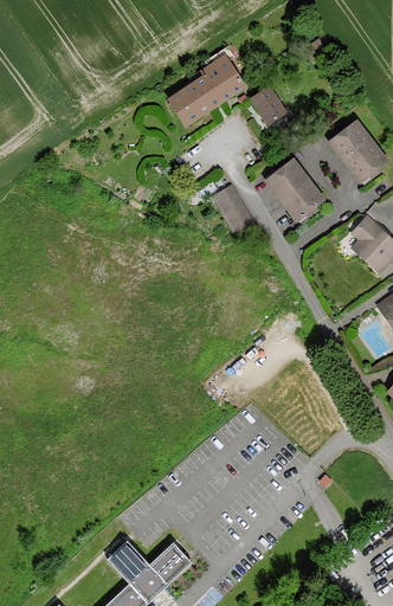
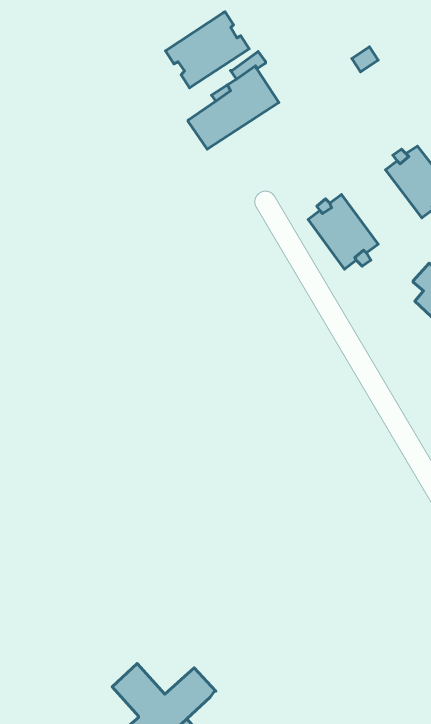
building: none -> [166,12,249,88]
building: [251,90,284,125] -> none
building: [213,189,253,240] -> none

